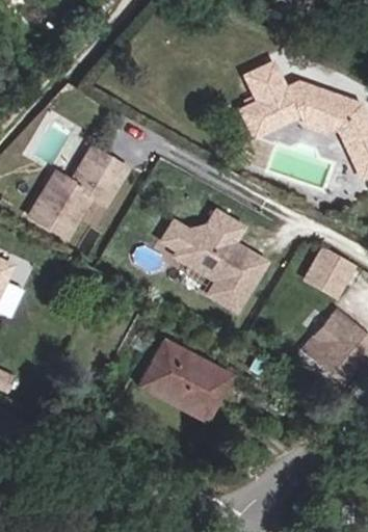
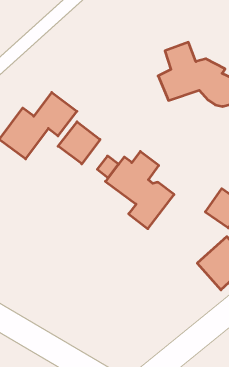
building: none -> [58,122,100,164]
building: [146,341,237,425] -> none

